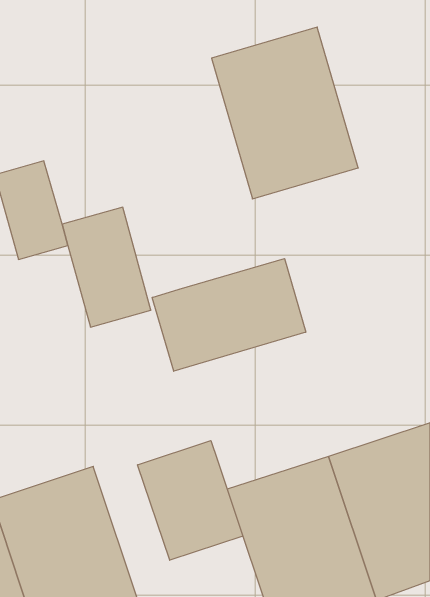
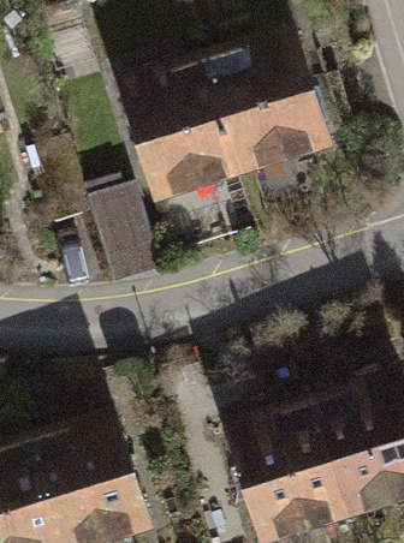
building: none -> [120,55,245,202]
building: [152,259,306,371] -> none
building: [138,441,243,560] -> none

